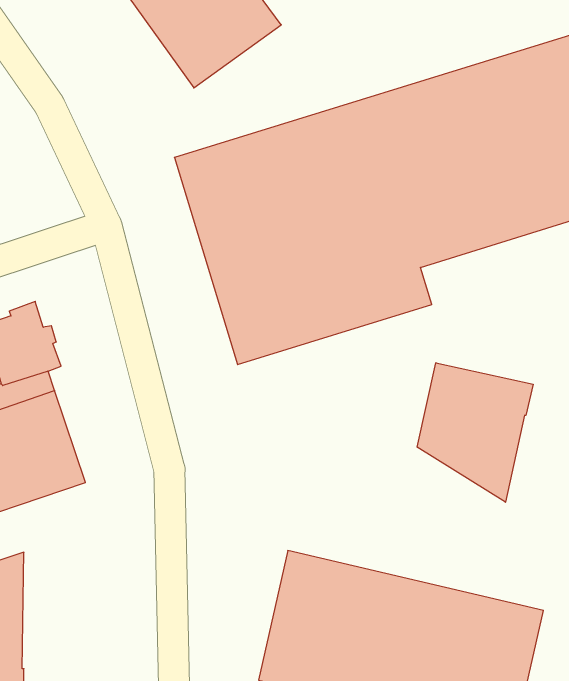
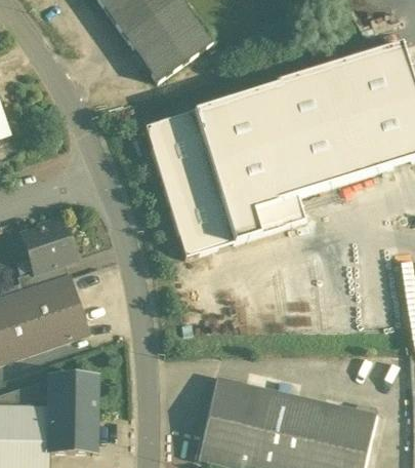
building: [417,363,533,502] -> none
building: none -> [48,377,93,452]

